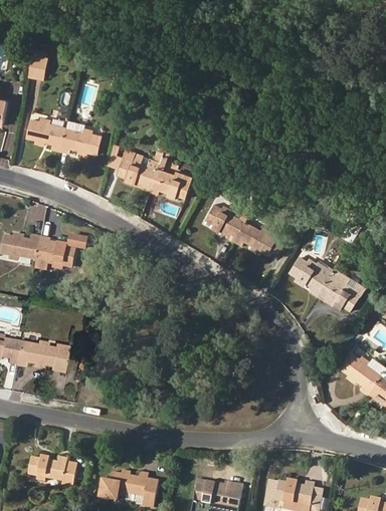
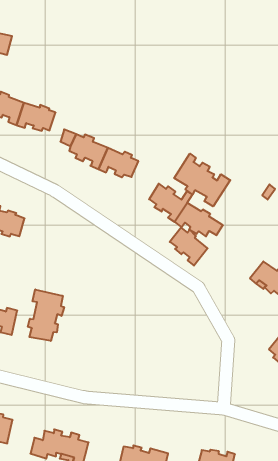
building: none -> [174,154,230,206]
building: [288,257,329,296] -> [170,227,208,266]
building: none -> [28,289,64,341]

